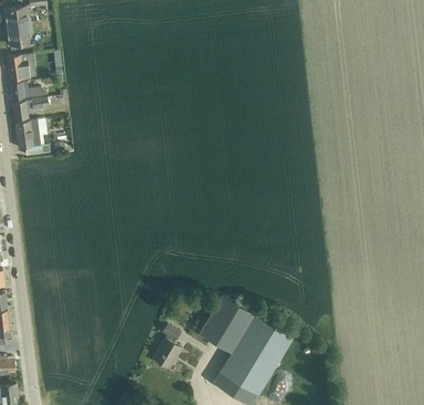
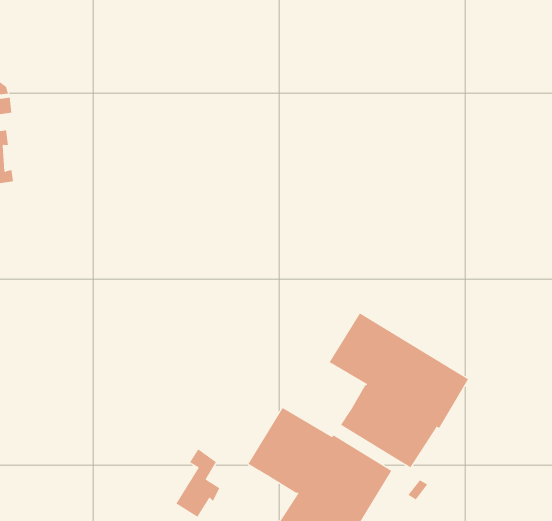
building: none -> [329,313,469,468]

